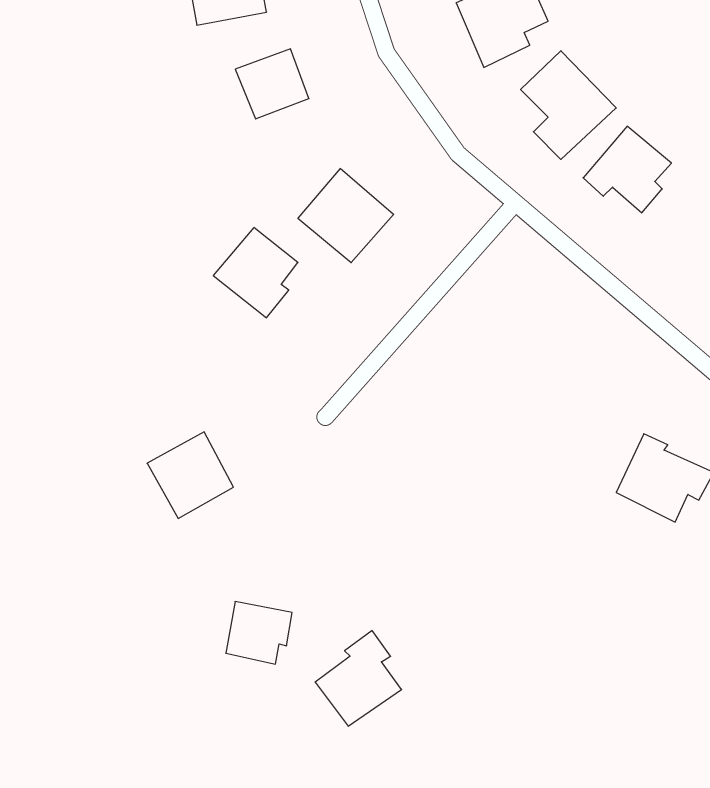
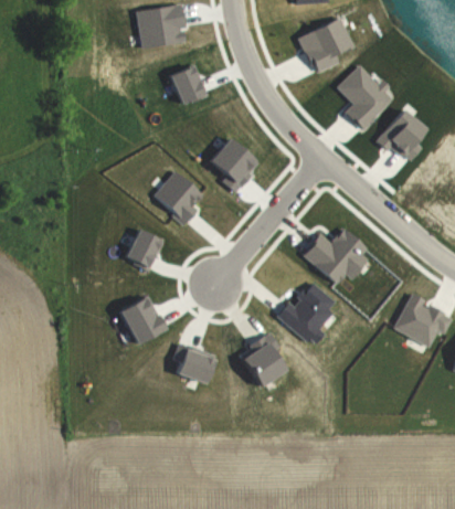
building: none -> [300,226,371,286]
building: none -> [121,229,162,272]
building: none -> [276,280,336,346]
building: [226,602,292,664] -> [172,346,212,383]
building: [315,631,402,726] -> [234,331,286,389]

